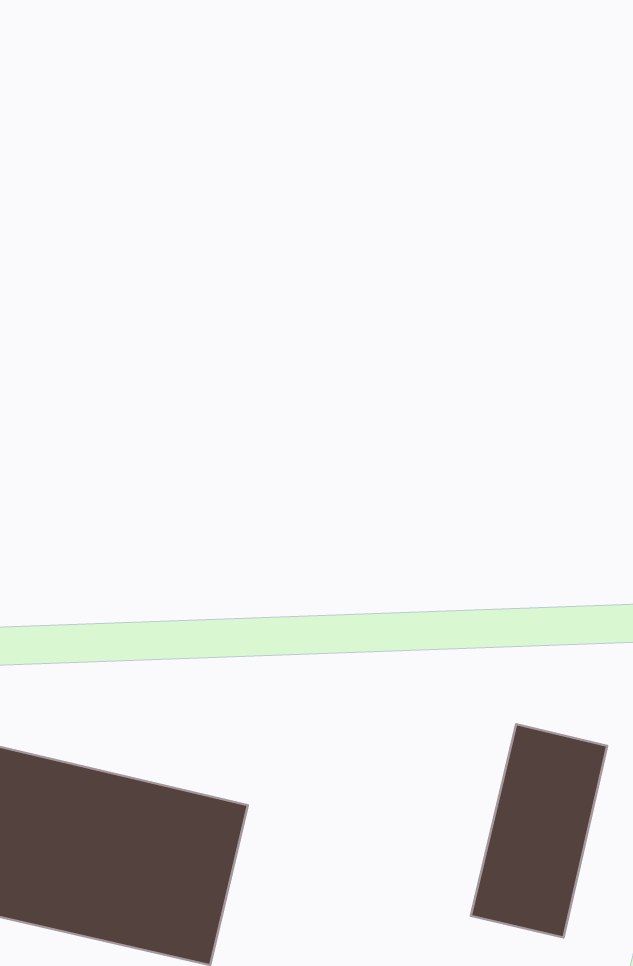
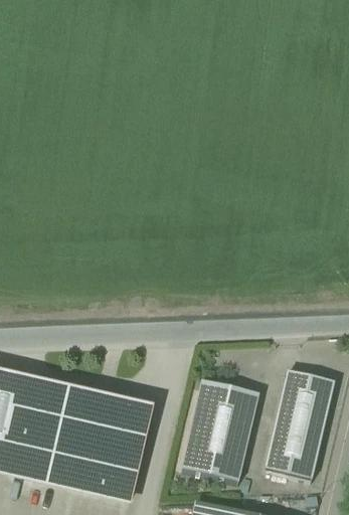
building: none -> [182,380,258,482]

